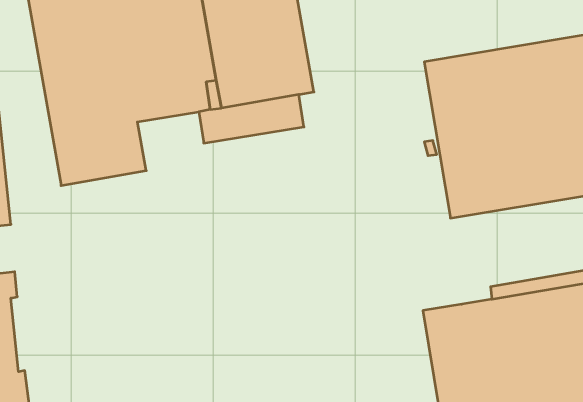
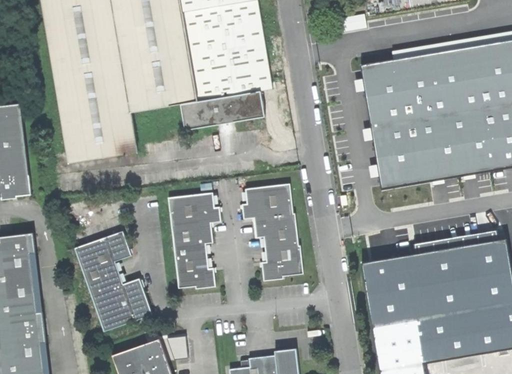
building: none -> [242,183,303,280]
building: none -> [168,192,221,288]
building: none -> [75,230,152,331]

